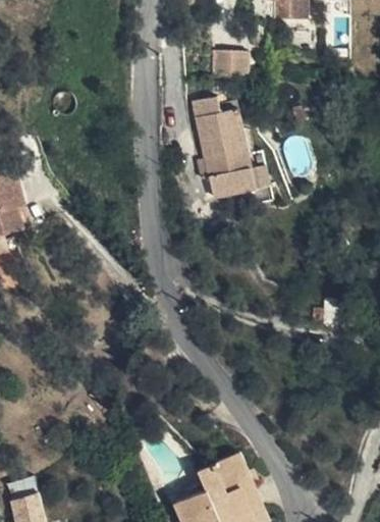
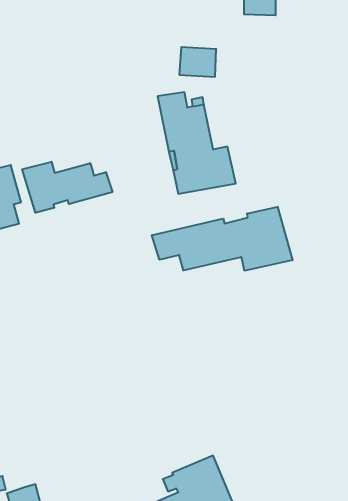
building: none -> [22,162,112,213]
building: none -> [152,207,292,271]

